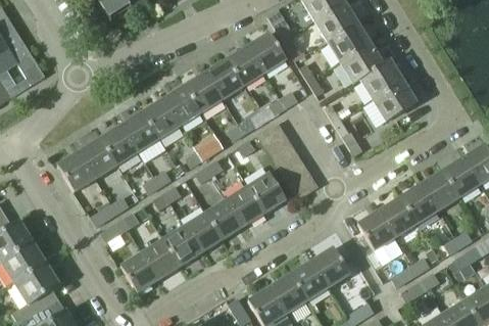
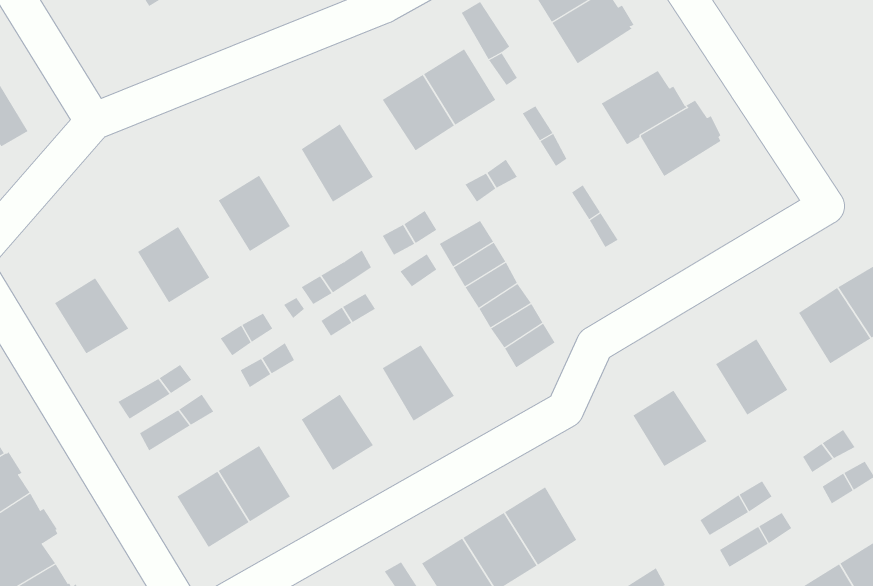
building: [328,24,371,62] -> none
building: [205,60,244,100] -> none
building: [373,82,415,121] -> none
building: [163,86,201,126] -> none
building: [121,112,158,152] -> none
building: [79,139,116,179] -> none
building: [421,171,458,211] -> none
building: [247,174,286,214] -> none
building: [378,197,415,237] -> none
building: [205,199,243,239] -> none
building: [163,226,201,266] -> none
building: [311,247,349,288] -> none

